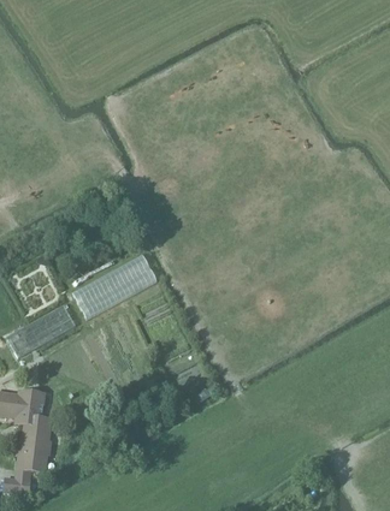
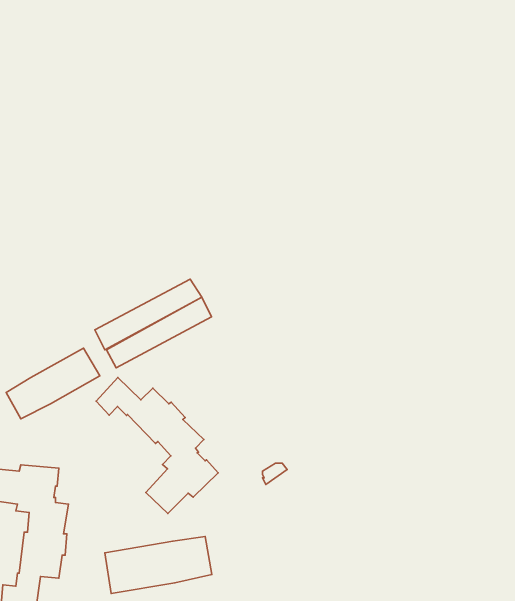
building: none -> [96,377,218,514]
building: none -> [105,537,212,594]

